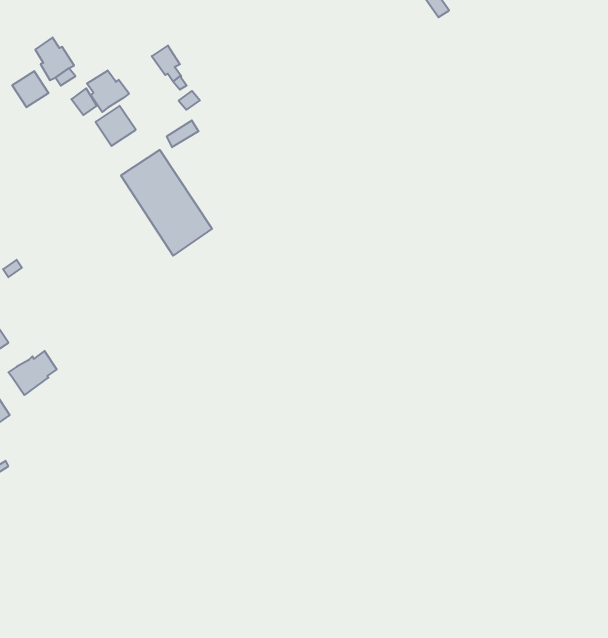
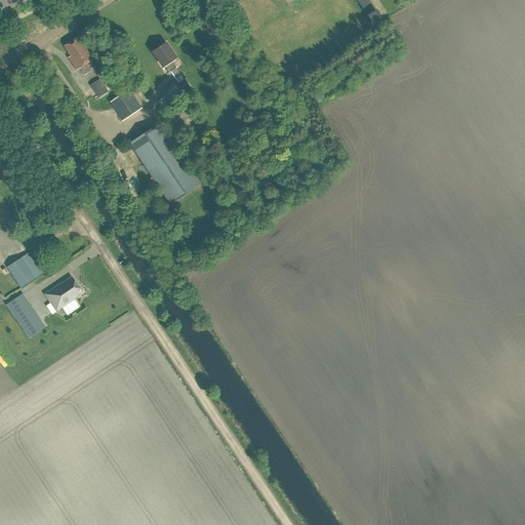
building: [87,70,129,112] -> none
building: [12,71,48,107] -> none

